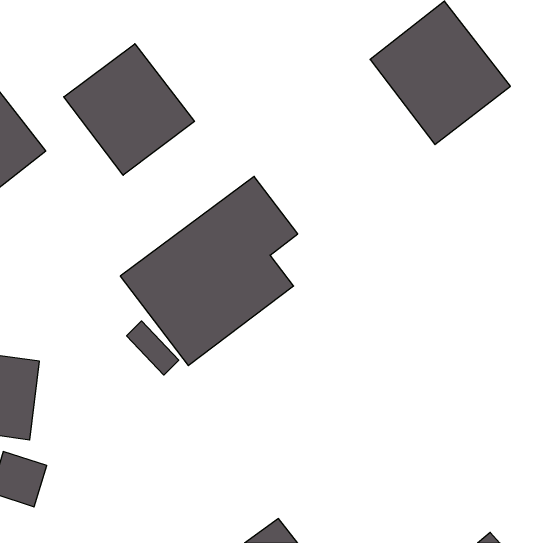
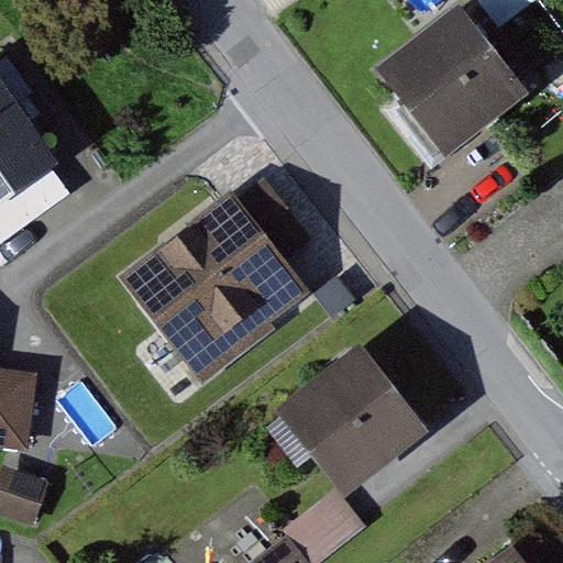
building: [64,44,194,175] -> none
building: none -> [276,351,416,489]

